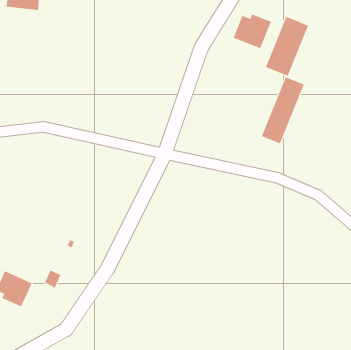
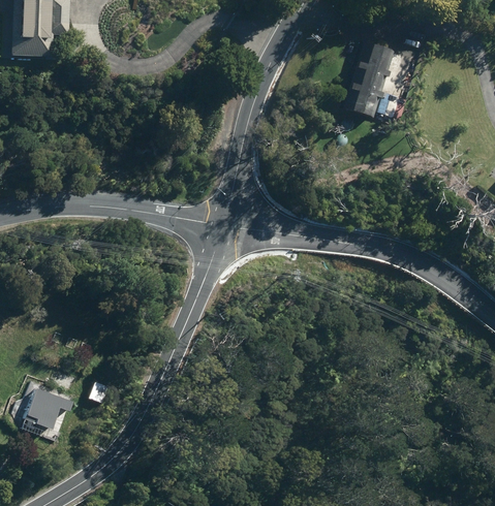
building: [233,13,271,49] -> none
building: [261,76,304,144] -> none

